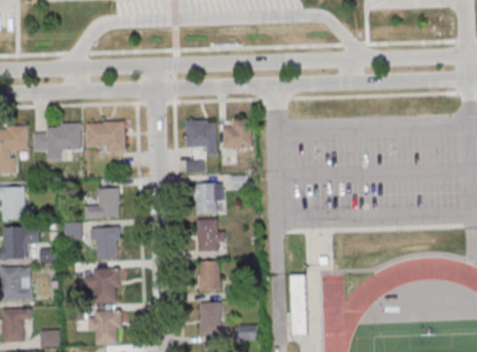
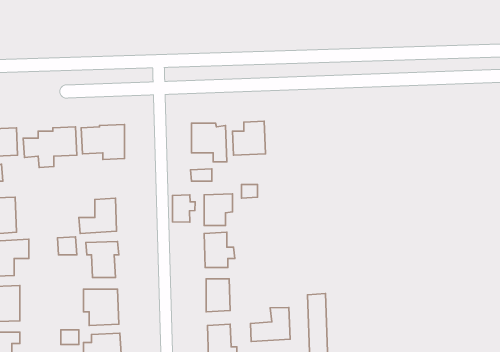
building: none -> [173,195,195,222]
building: none -> [251,307,290,341]

